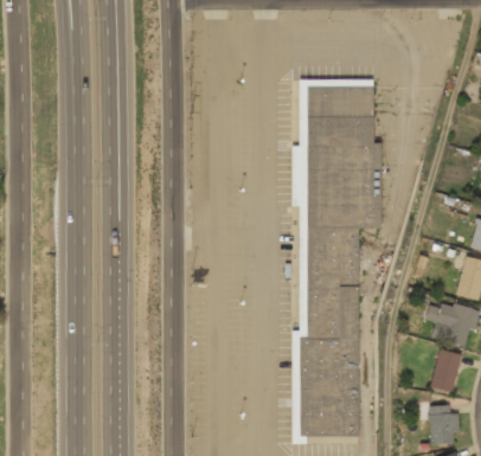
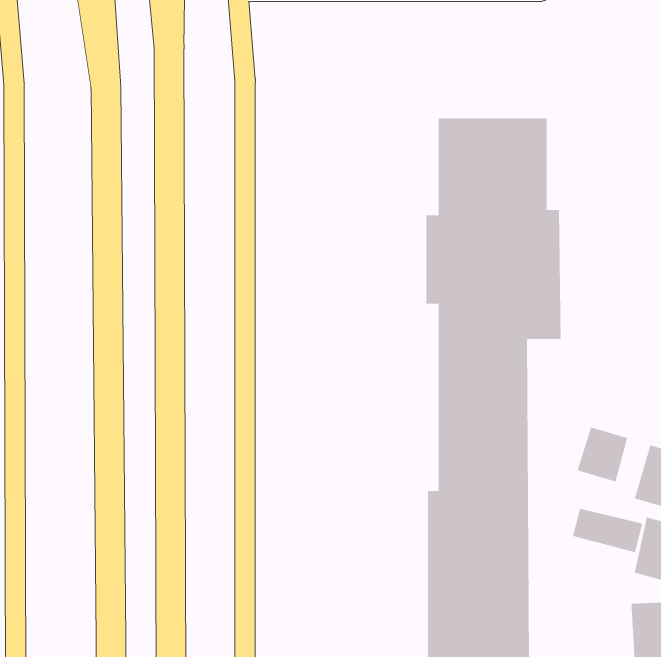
building: none -> [577,426,628,482]
building: none -> [572,508,643,553]

